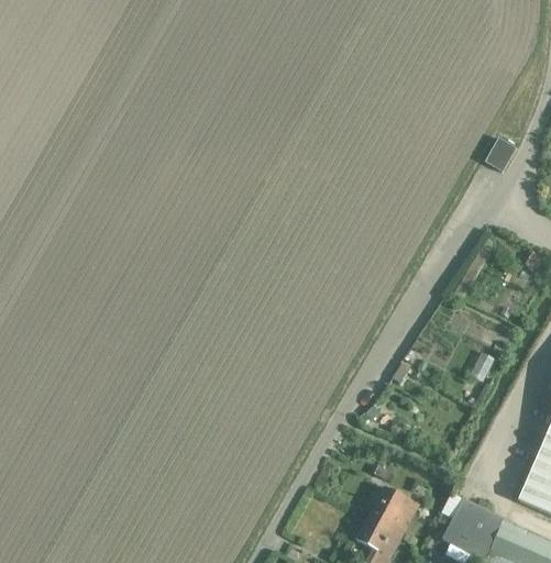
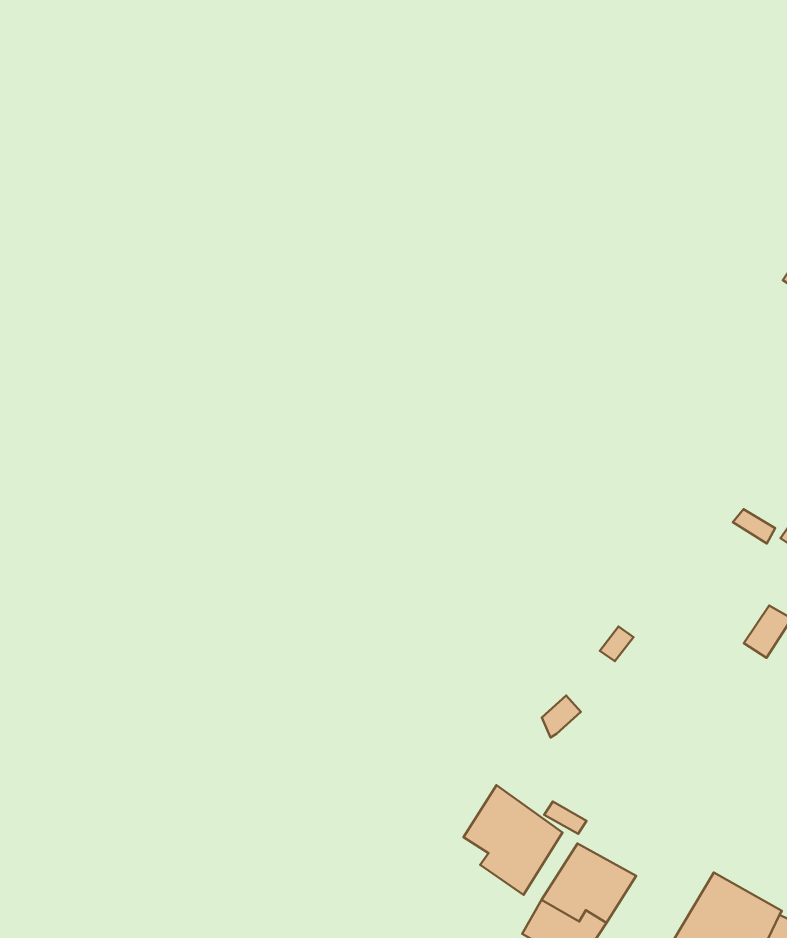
building: none -> [464,785,563,895]

